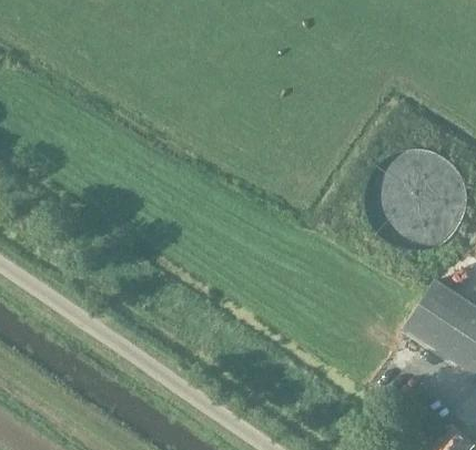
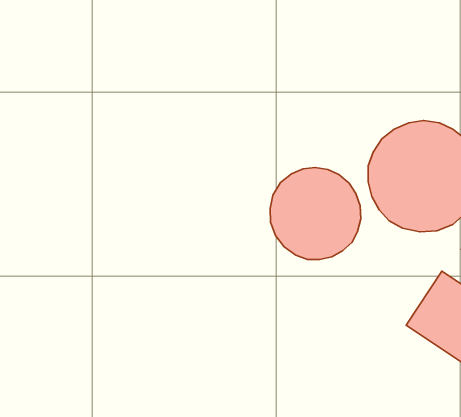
building: none -> [270,167,361,260]

